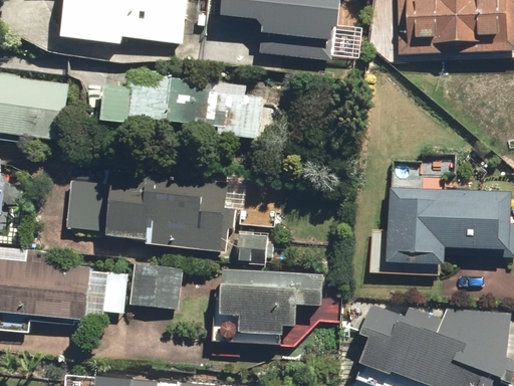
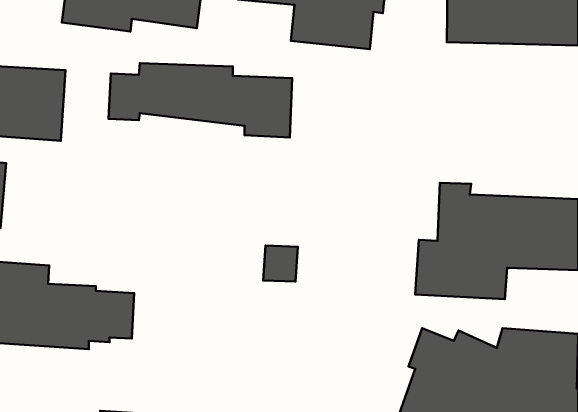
building: [67,169,228,251] -> none
building: [132,262,181,307] -> none
building: [223,268,332,340] -> none

